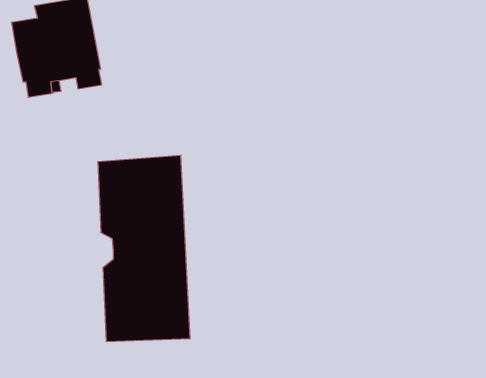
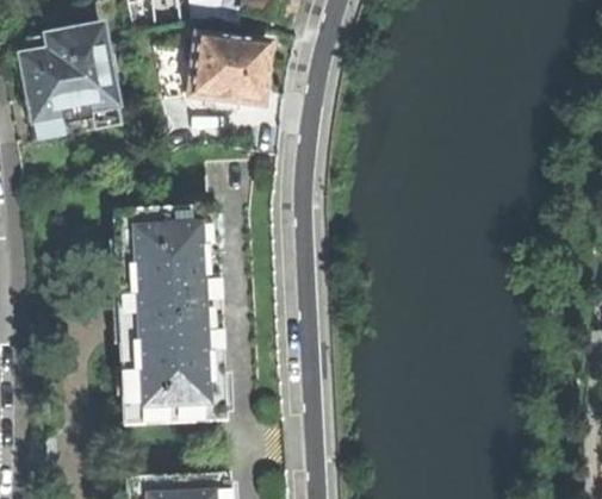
building: none -> [188,35,271,106]

